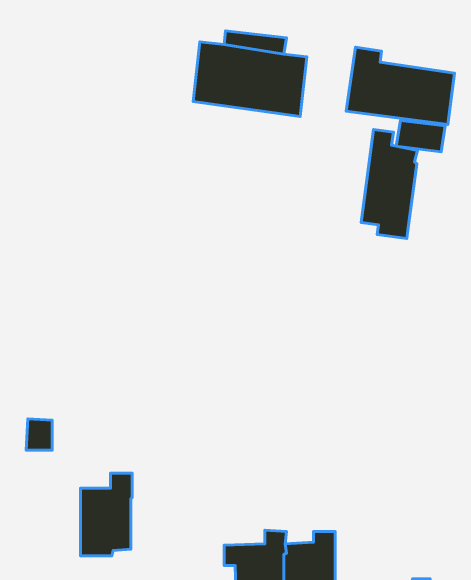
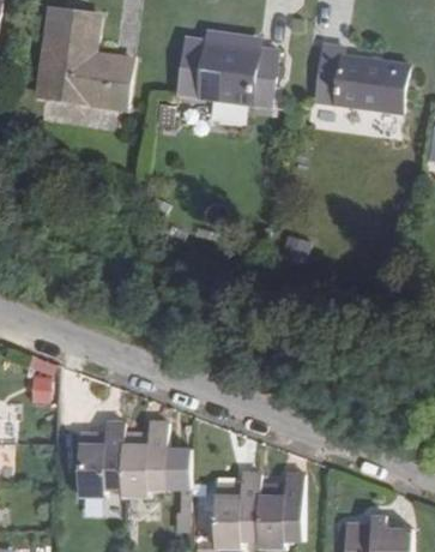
building: none -> [37,10,129,107]
building: [361,129,417,239] -> none
building: none -> [121,421,192,496]

